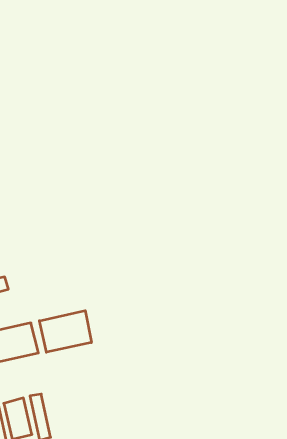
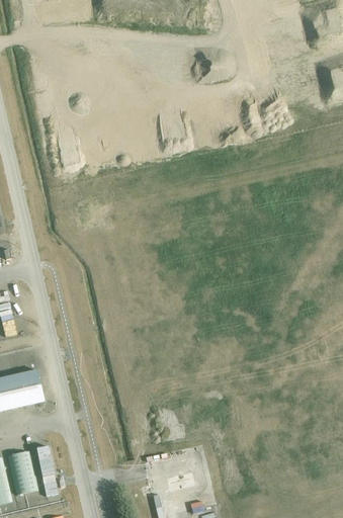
building: [39,311,91,352] -> none

